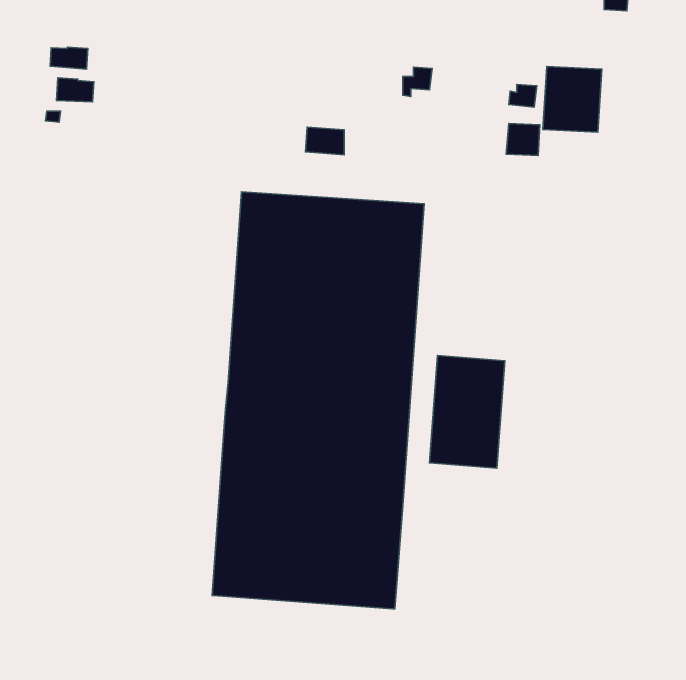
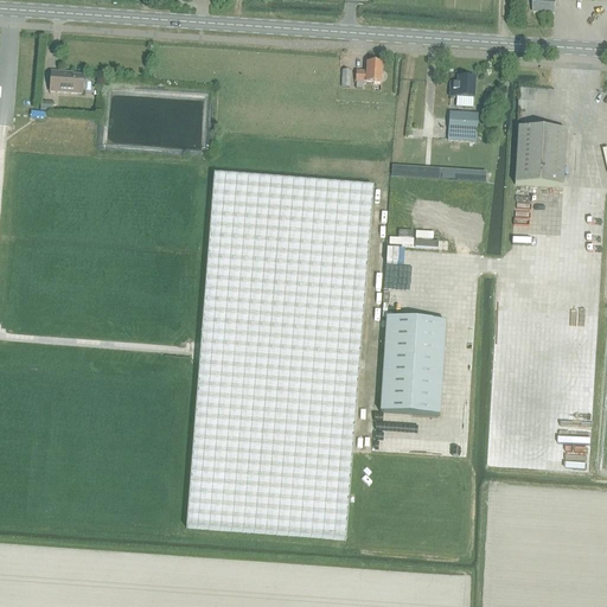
building: [50,47,88,69] -> none
building: [543,66,602,132] -> [515,124,567,183]
building: [305,127,344,155] -> none

